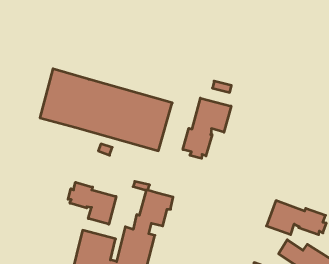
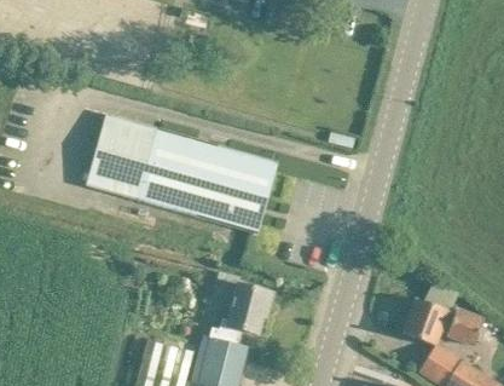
building: [183,98,231,158] -> none
building: [68,182,116,224] -> none

